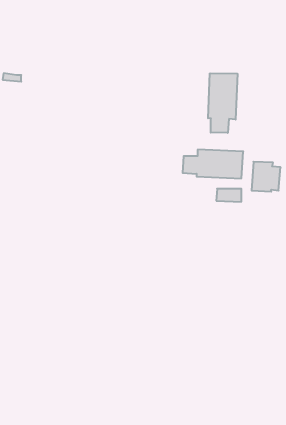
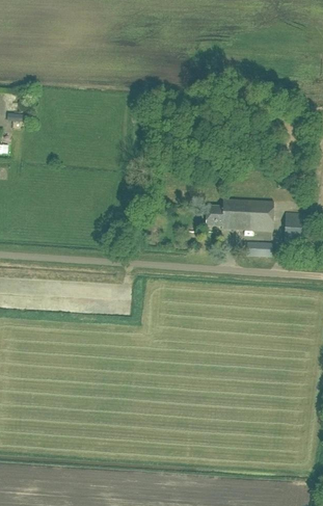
building: [208,73,237,133] -> none

